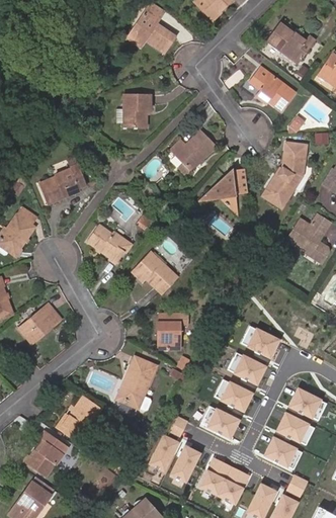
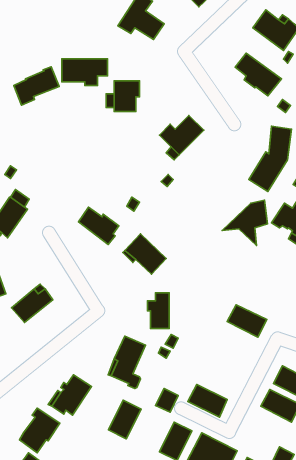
building: none -> [62,59,108,85]
building: [39,164,86,203] -> [14,67,59,105]
building: [200,168,247,214] -> [222,200,267,245]
building: [229,353,269,386] -> none
building: [214,377,254,411] -> none
building: [148,433,181,472] -> [109,400,141,439]
building: [263,436,304,469] -> none

